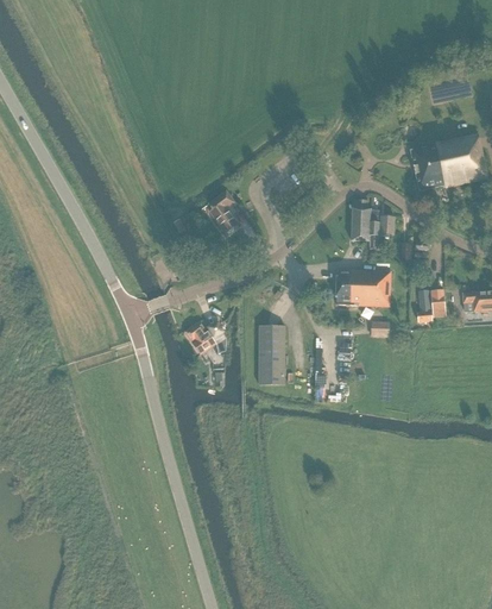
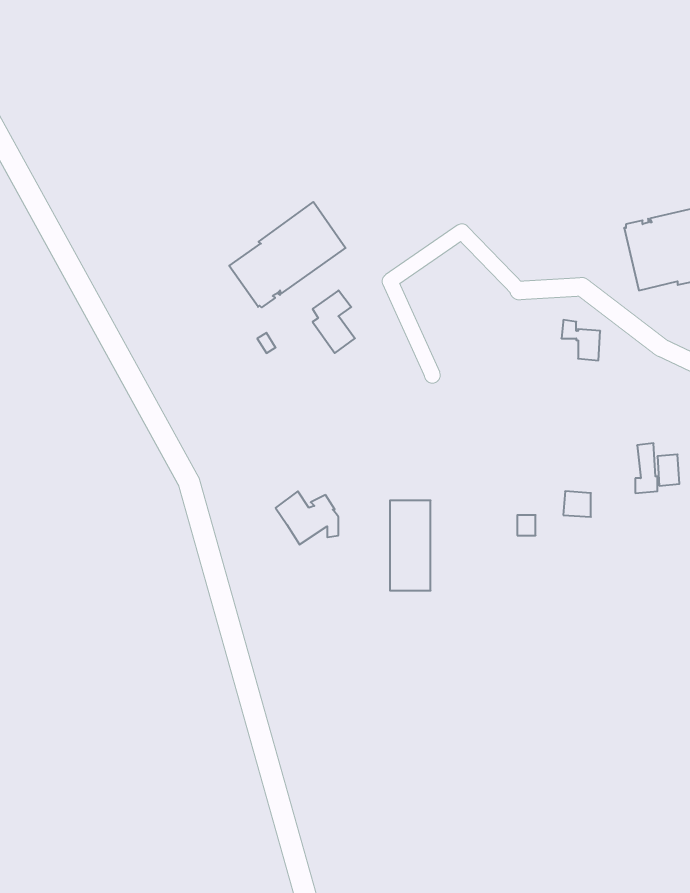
building: none -> [229,202,346,307]
building: [352,200,379,249] -> none
building: [336,270,391,307] -> none

